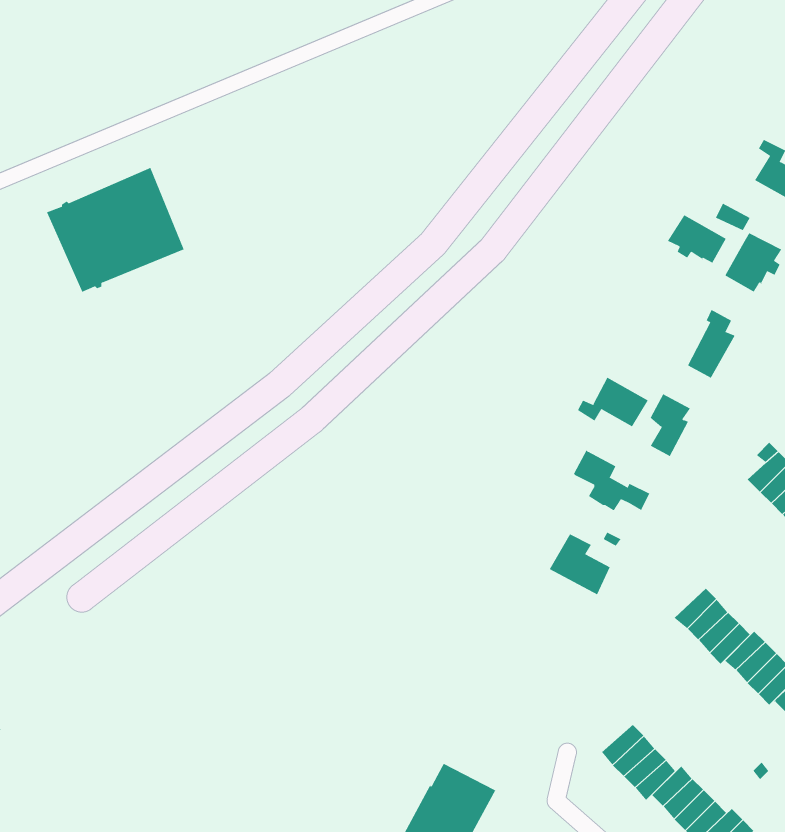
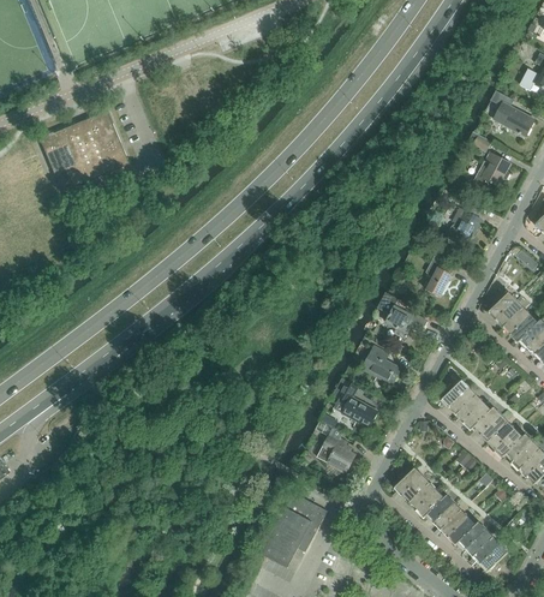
building: [667,215,727,263] -> none
building: [577,377,649,427] -> none
building: none -> [340,378,377,426]
building: none -> [316,431,354,471]

